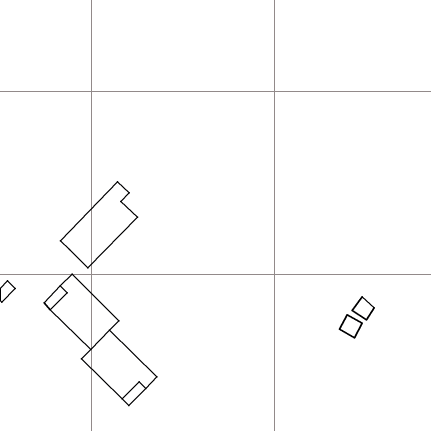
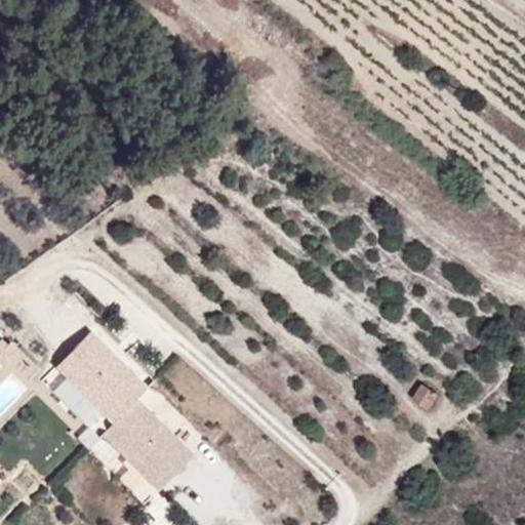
building: [61,182,137,268] -> none

